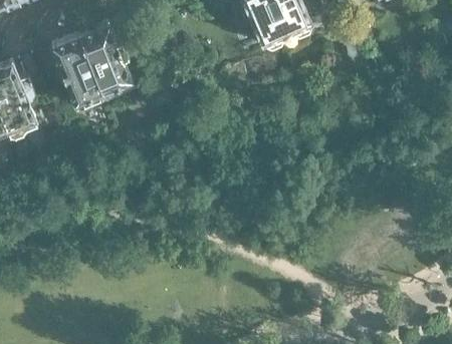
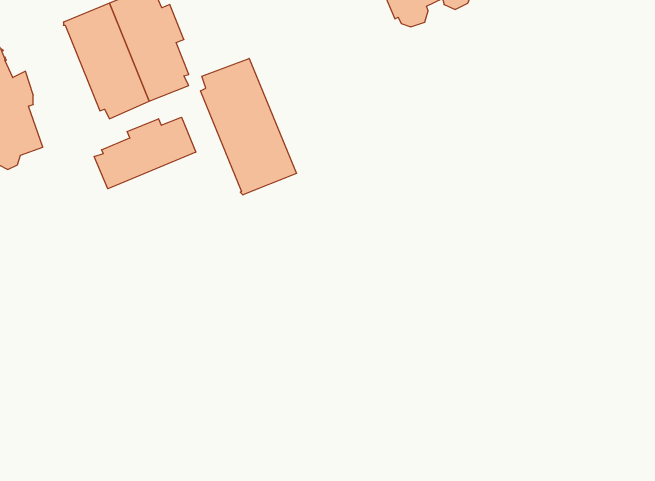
building: none -> [201,58,297,195]
building: none -> [94,117,196,189]

